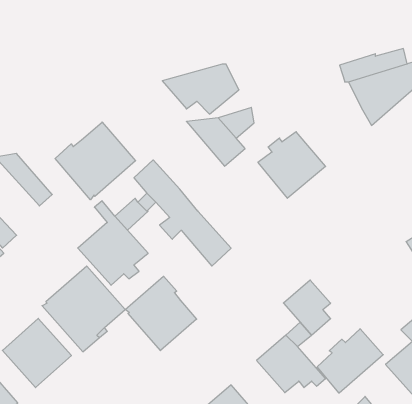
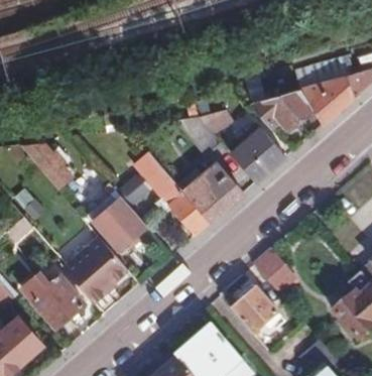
building: [162,64,239,114] -> [254,88,315,127]
building: [55,122,136,200] -> none
building: none -> [185,162,243,219]
building: [125,276,197,351] -> none
building: [317,329,383,393] -> none

